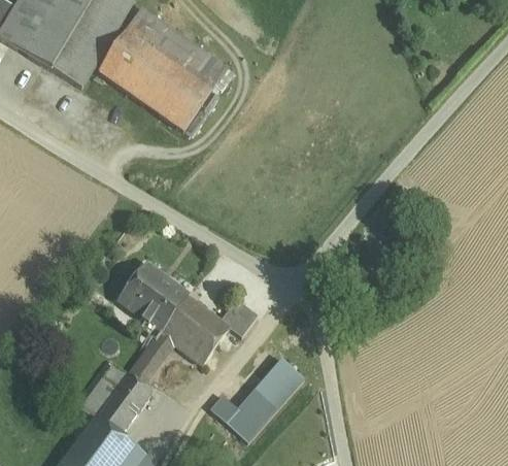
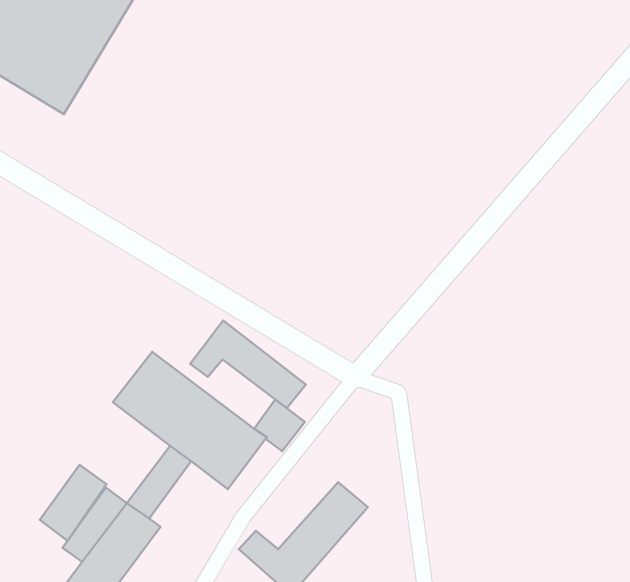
building: [99,7,228,132] -> none
building: none -> [190,320,306,408]
building: none -> [40,465,107,541]

